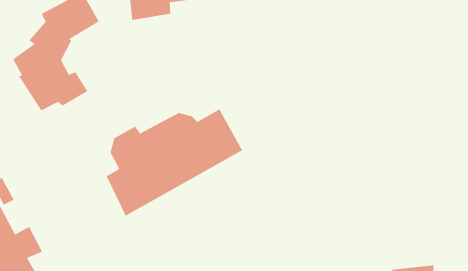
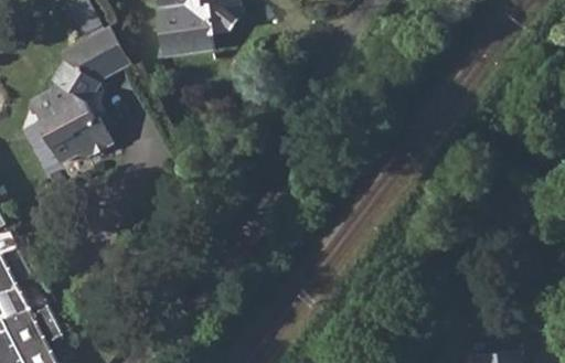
building: [106,109,243,216] -> none

